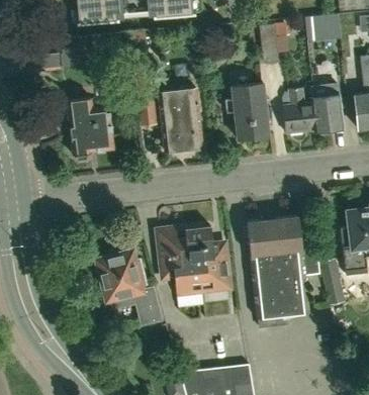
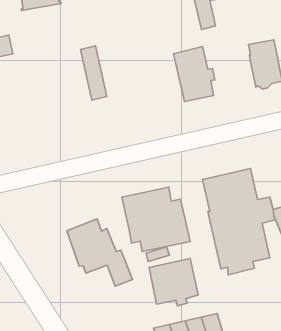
building: [282,87,313,132] -> none
building: [159,88,202,150] -> none
building: [65,97,112,160] -> none
building: none -> [149,259,198,306]

